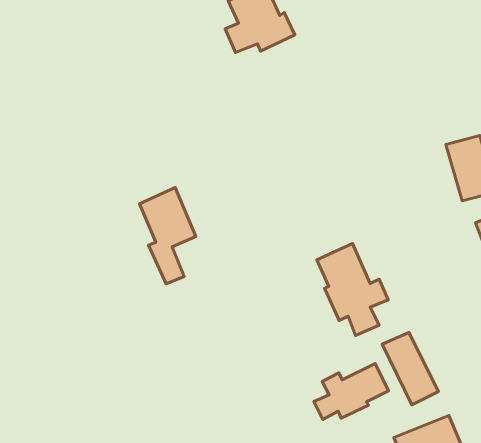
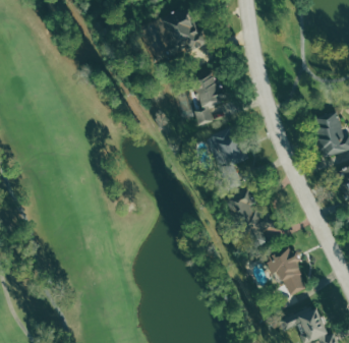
building: none -> [187,71,229,126]
building: [140,188,196,284] -> [211,126,249,192]
building: [314,364,388,420] -> none

